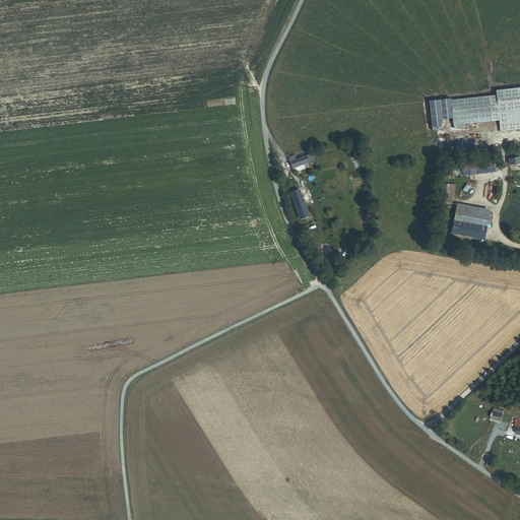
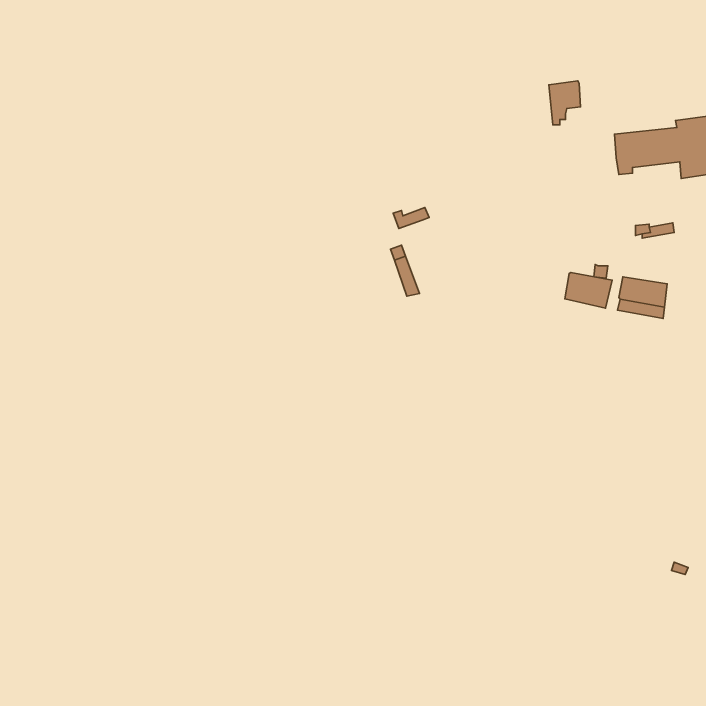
building: [430,98,453,130] -> [549,81,581,125]
building: none -> [565,273,612,308]

